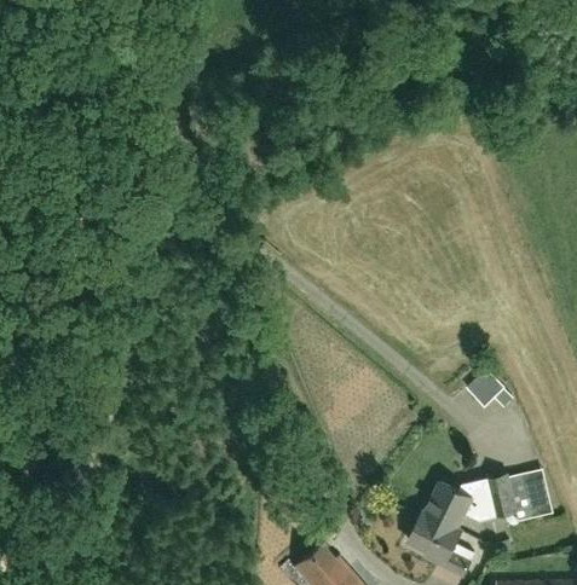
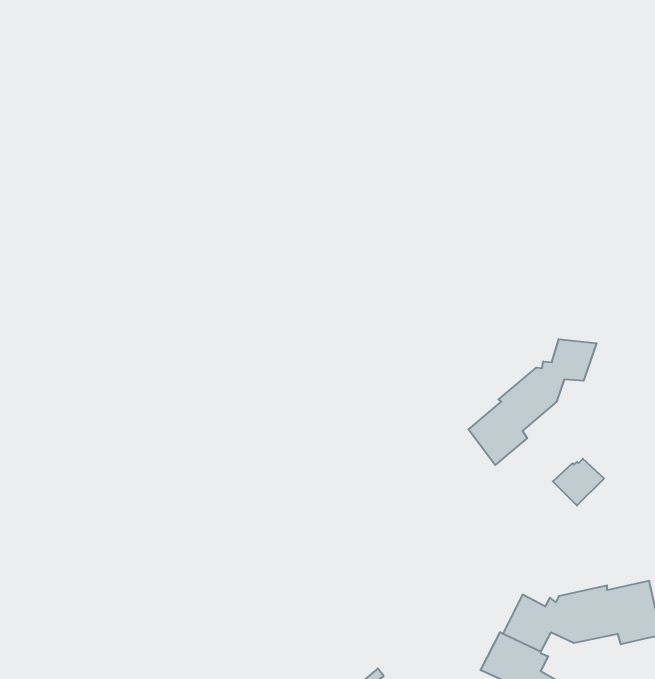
building: none -> [468,339,596,465]

